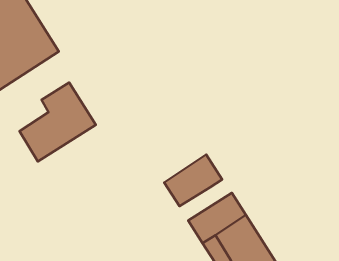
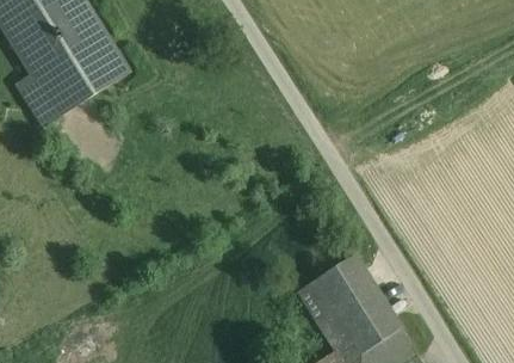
building: [20,83,96,162] -> none
building: [164,155,222,206] -> none

